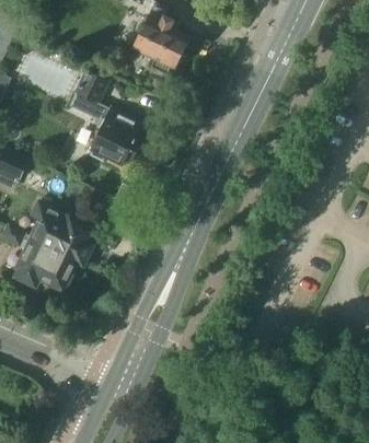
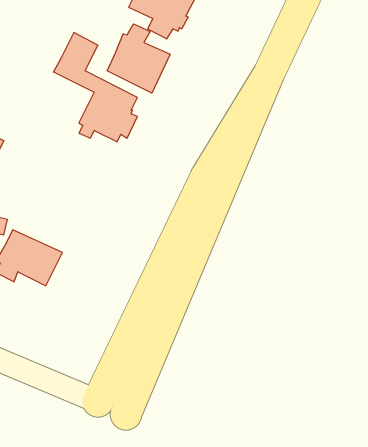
building: none -> [107,24,170,93]
building: [34,203,92,261] -> none

